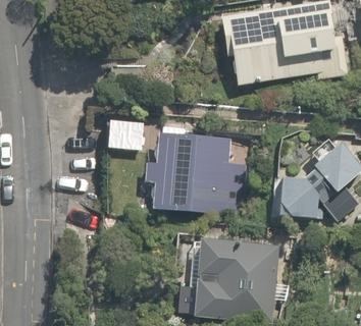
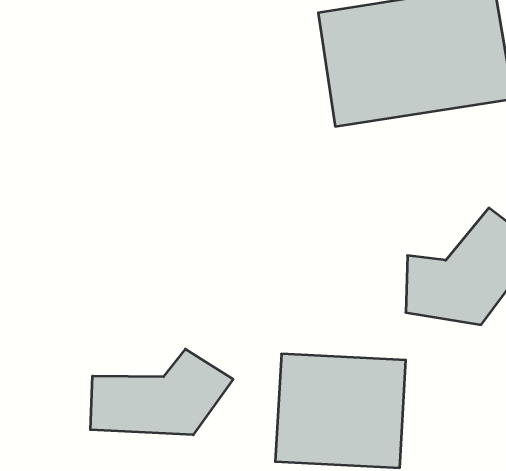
building: [157,127,235,218] -> none
building: none -> [90,349,233,435]

